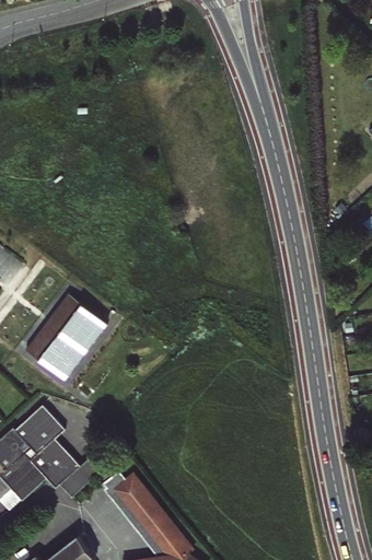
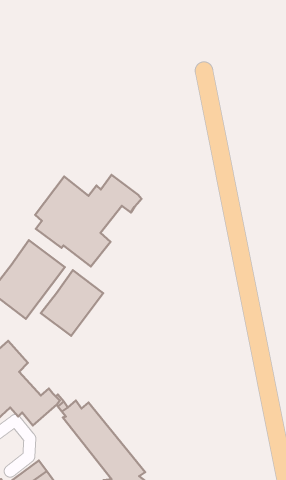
building: none -> [35,175,141,267]
building: none -> [41,270,103,336]

